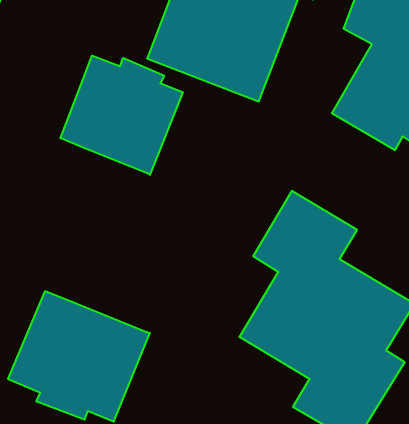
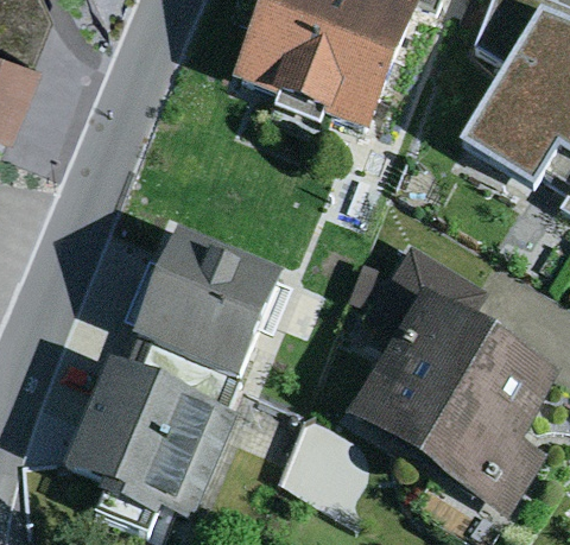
building: [60,56,183,175] -> none
building: none -> [133,224,286,411]

